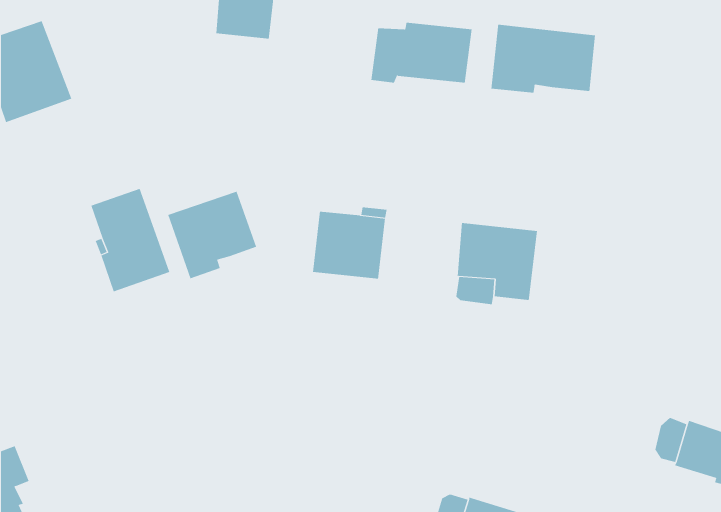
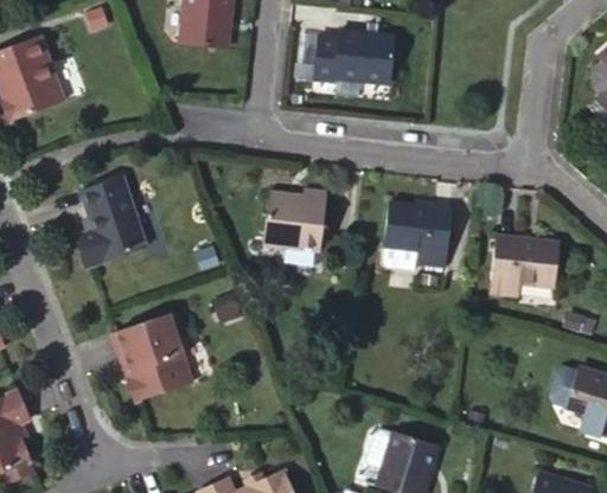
building: [491,24,596,94] -> none
building: [168,191,257,279] -> none
building: none -> [491,238,562,296]
building: none -> [111,312,191,401]

